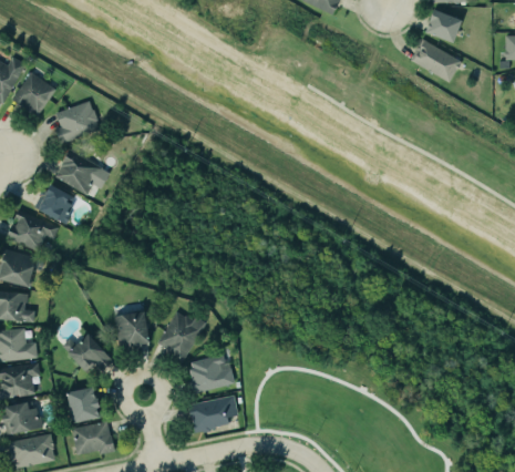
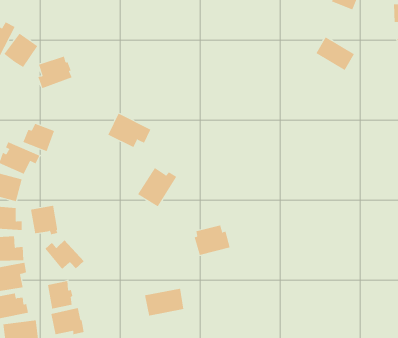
building: [413,40,463,83] -> [315,37,355,71]
building: [56,151,112,195] -> [108,113,151,148]
building: [114,309,150,347] -> [30,205,58,235]
building: [156,311,207,362] -> [137,167,177,207]
building: [188,353,235,392] -> [194,225,231,255]

